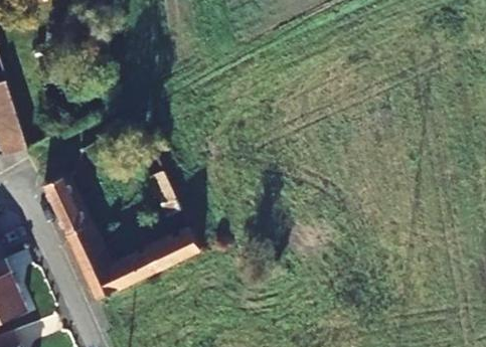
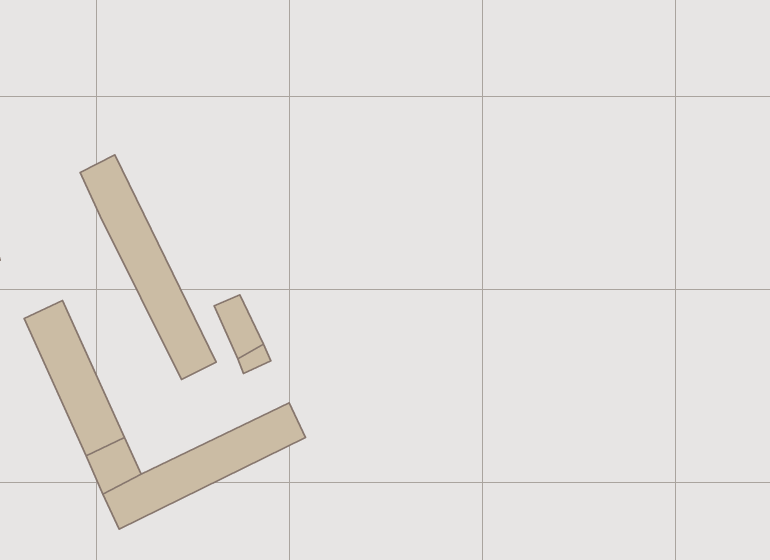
building: none -> [80,155,216,380]

